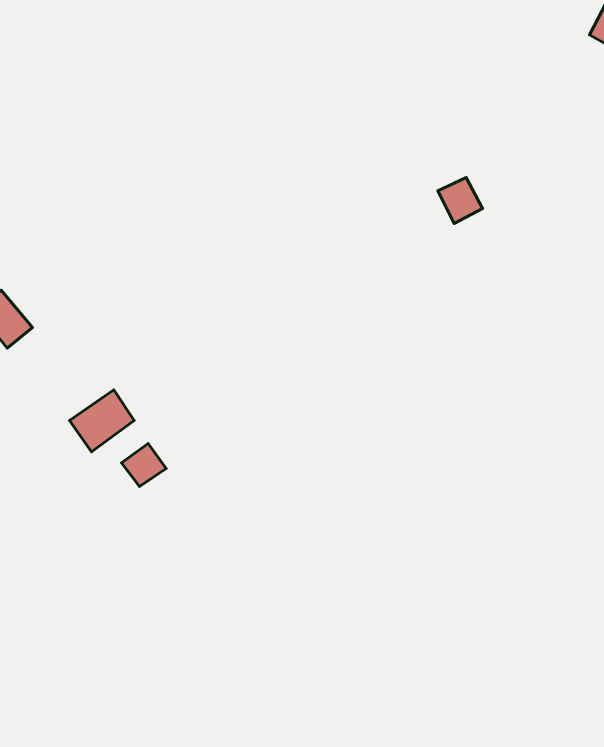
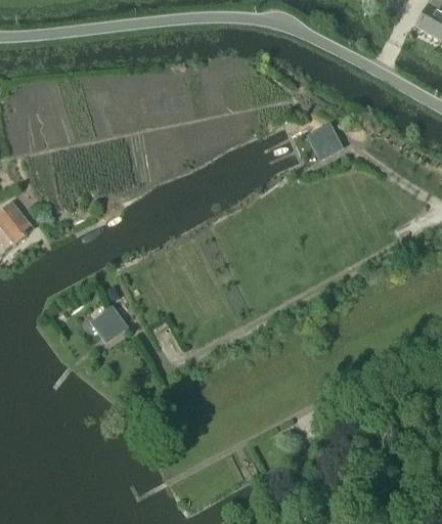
building: [70,390,134,452] -> none

